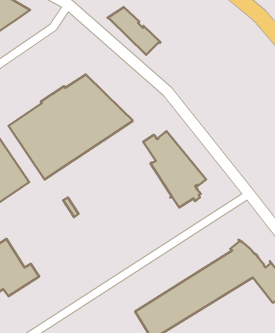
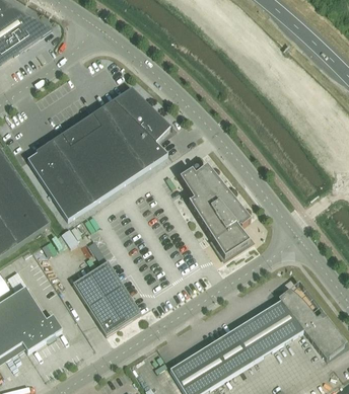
building: [108,7,161,55] -> [112,88,171,142]
building: none -> [72,261,139,334]

